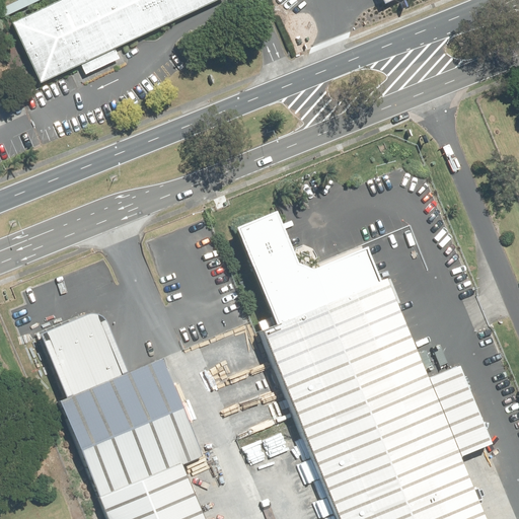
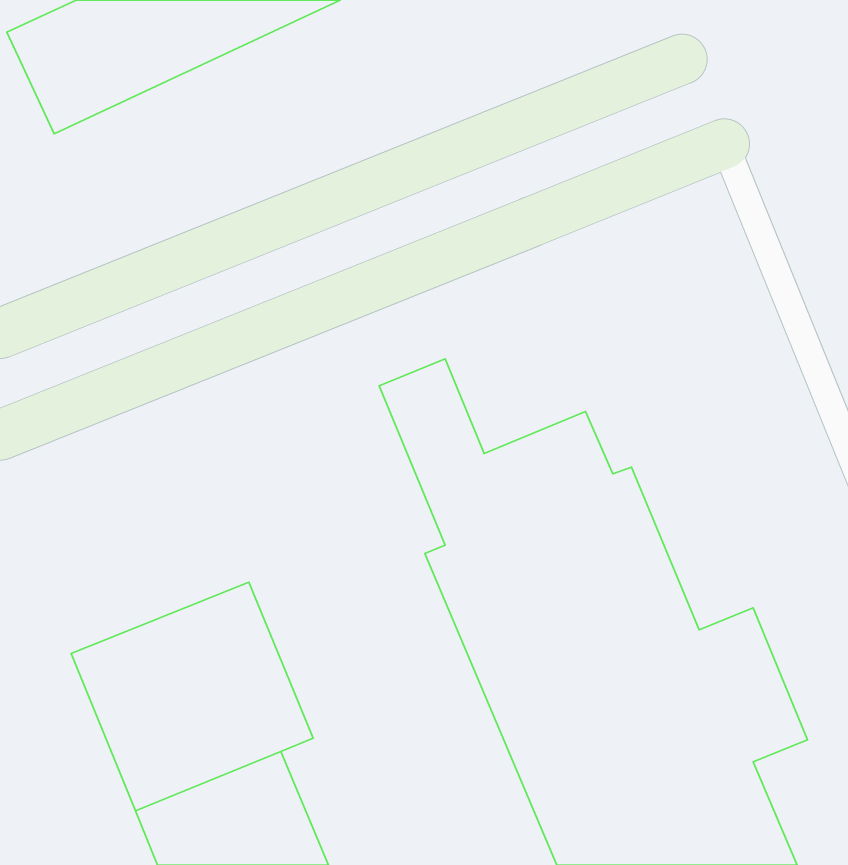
building: [34,301,122,389] -> none

